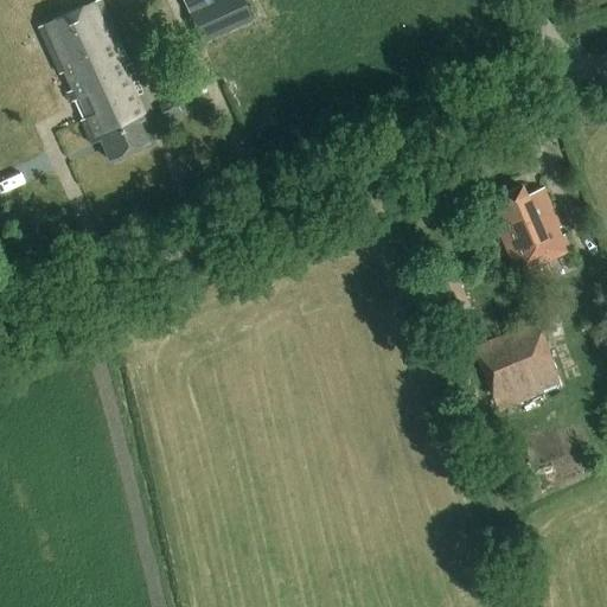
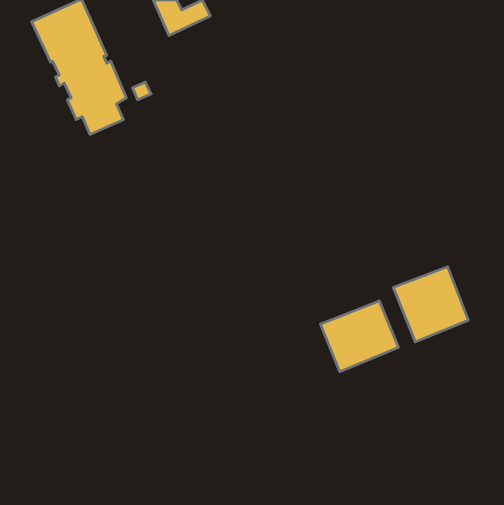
building: [483,181,569,268] -> none
building: none -> [321,301,398,372]

